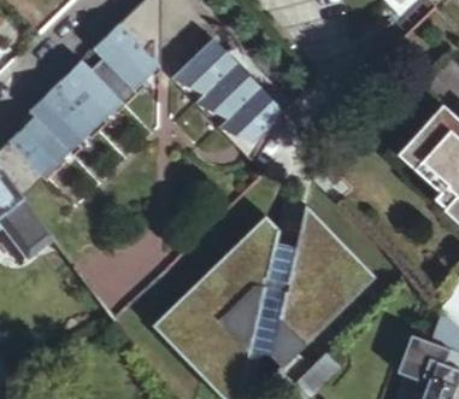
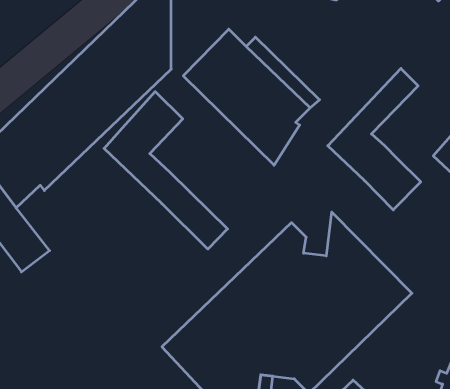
building: none -> [328,68,421,210]
building: none -> [104,92,228,249]

